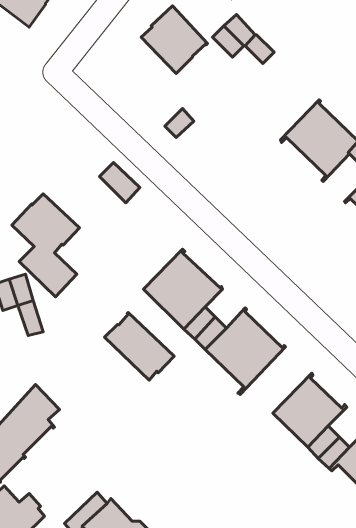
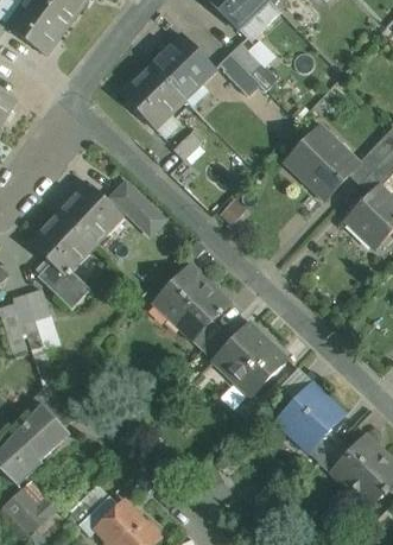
building: none -> [121,64,185,128]
building: none -> [59,182,122,245]
building: [105,313,174,380] -> none

